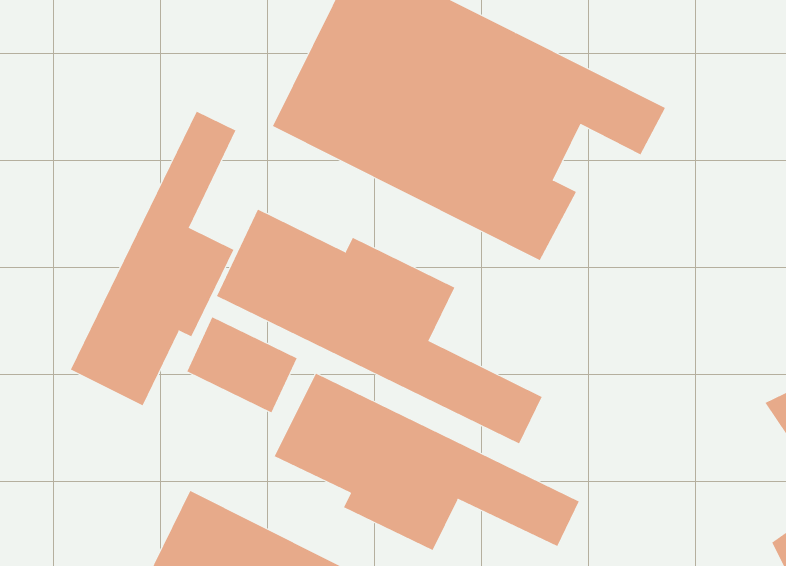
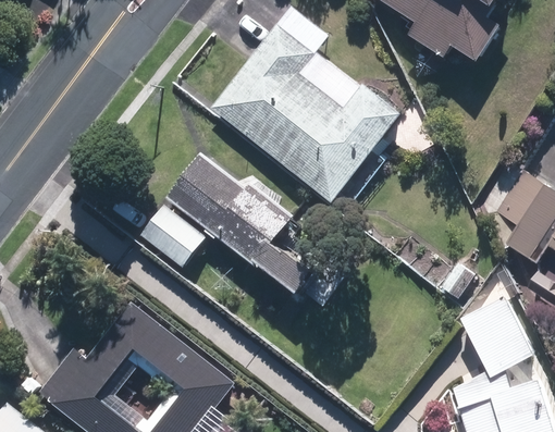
building: [70,111,236,406] -> none
building: [274,373,579,551] -> none

